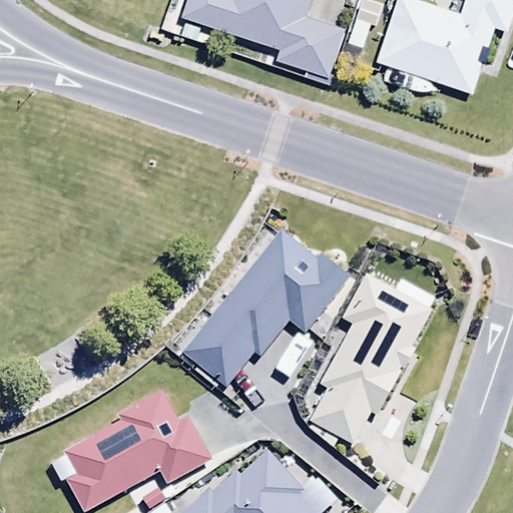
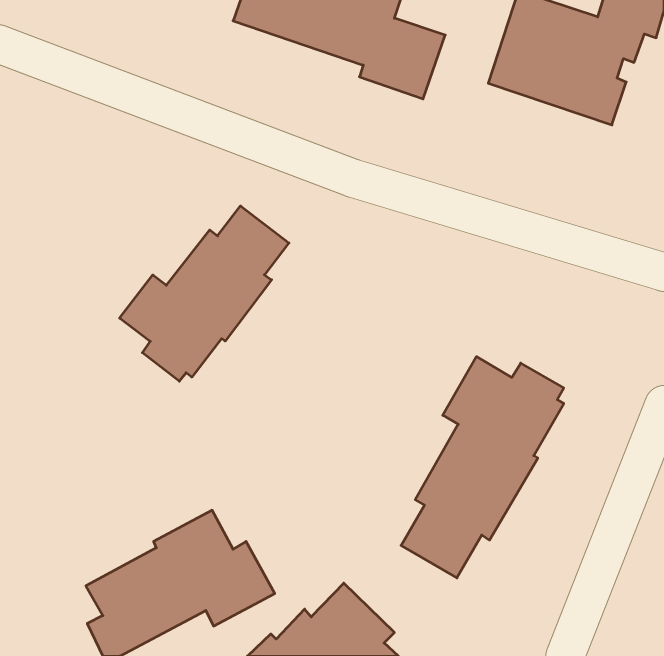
building: none -> [120,206,289,381]
building: [184,228,351,386] -> none

